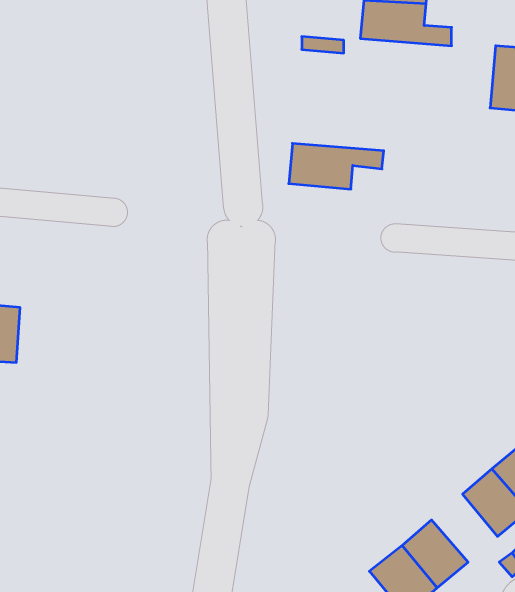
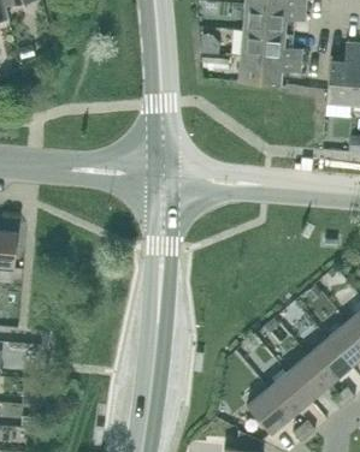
building: [289,143,384,189] -> [238,55,301,85]
building: none -> [288,355,331,399]

